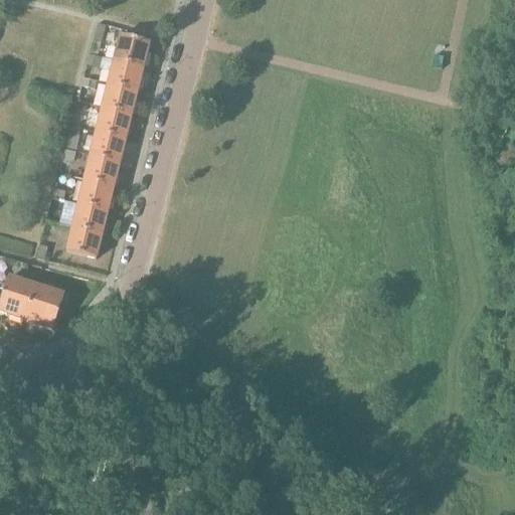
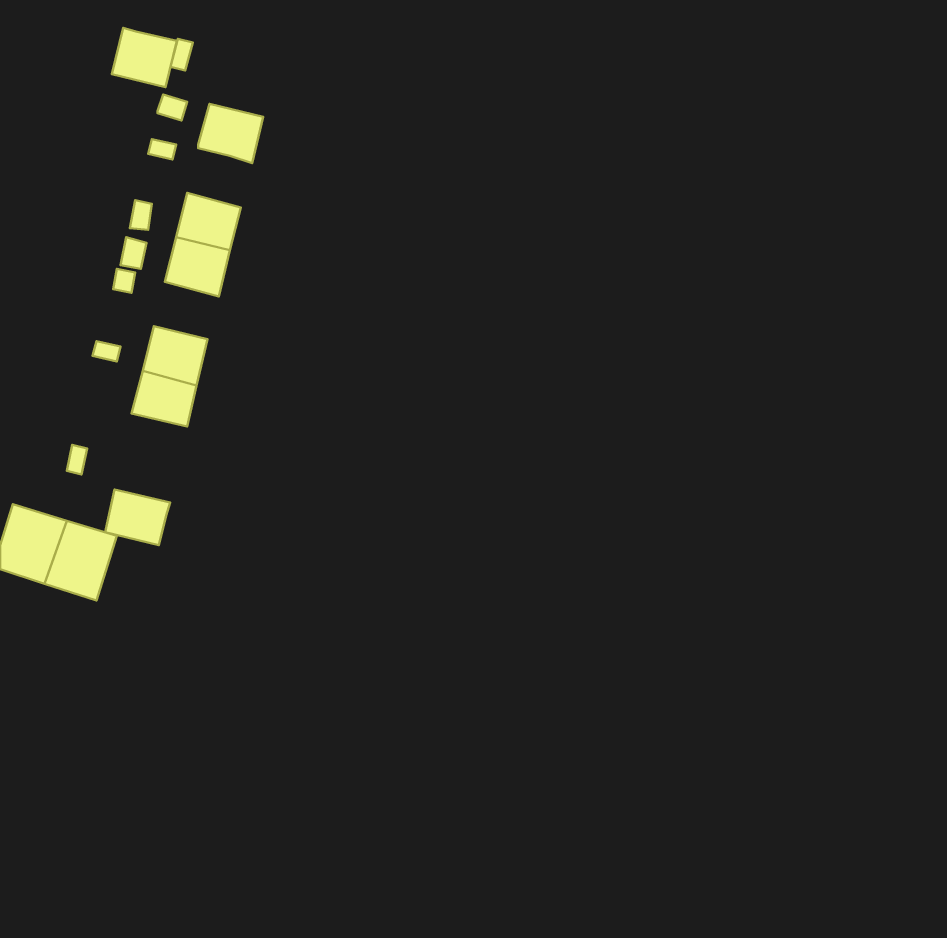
building: [114,31,149,63] -> [112,28,177,87]
building: [102,80,137,113] -> none
building: [83,153,119,184] -> none
building: [66,224,102,254] -> [105,490,170,545]

